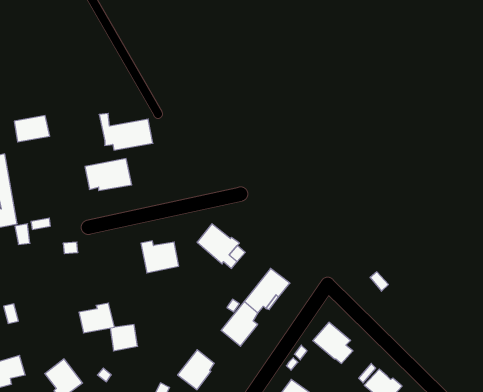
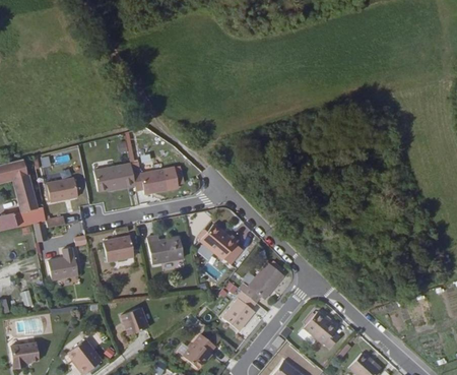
building: [99,113,153,150] -> [136,163,184,195]
building: [14,116,50,142] -> [53,180,84,203]
building: none -> [51,243,81,274]
building: [79,303,114,333] -> [105,237,136,263]

